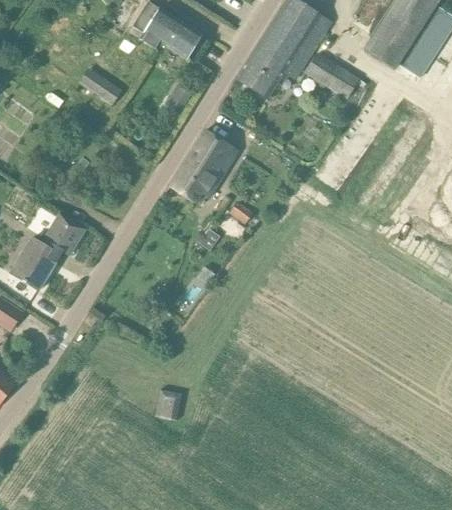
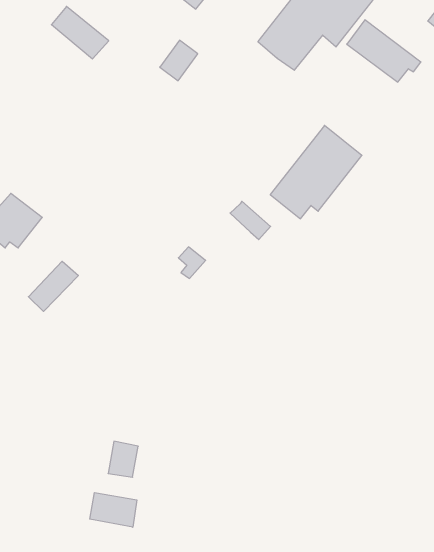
building: [170,129,237,202] -> [270,125,362,219]
building: none -> [28,261,78,311]
building: none -> [90,493,137,527]

